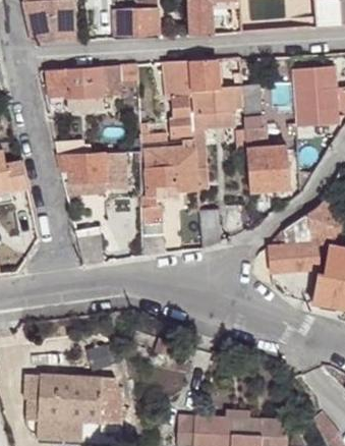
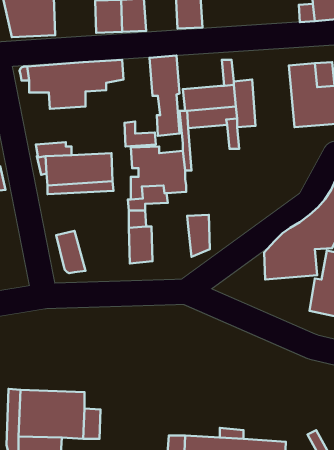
building: [192,59,230,92] -> none
building: [247,147,290,190] -> none

